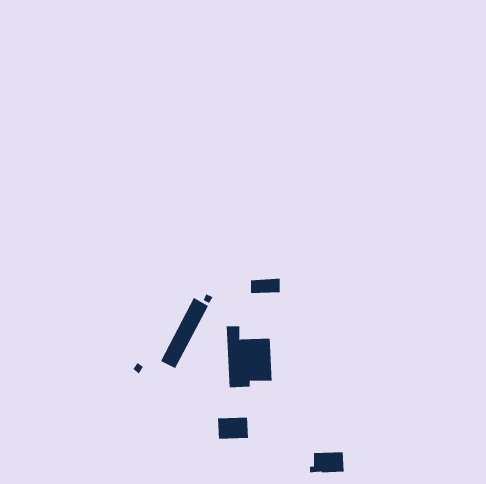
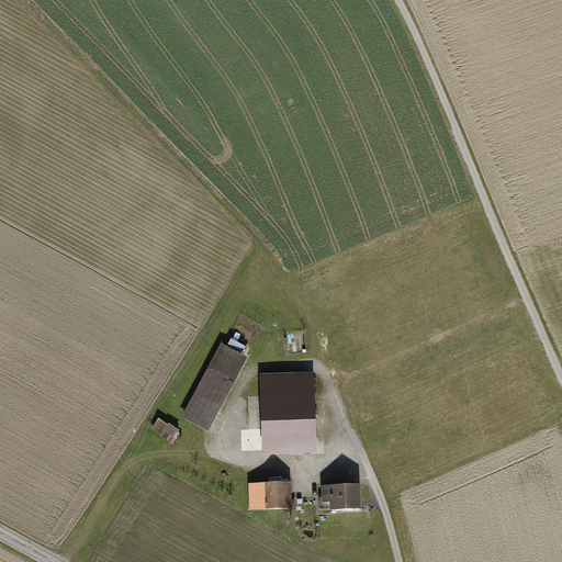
building: [250,278,281,293] -> [277,373,312,391]
building: [309,452,345,473] -> [318,483,359,507]

